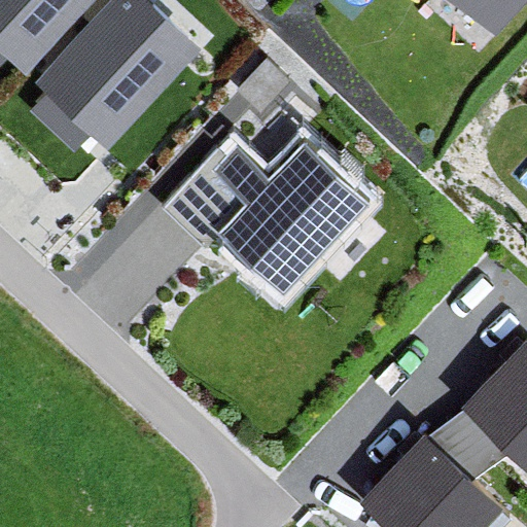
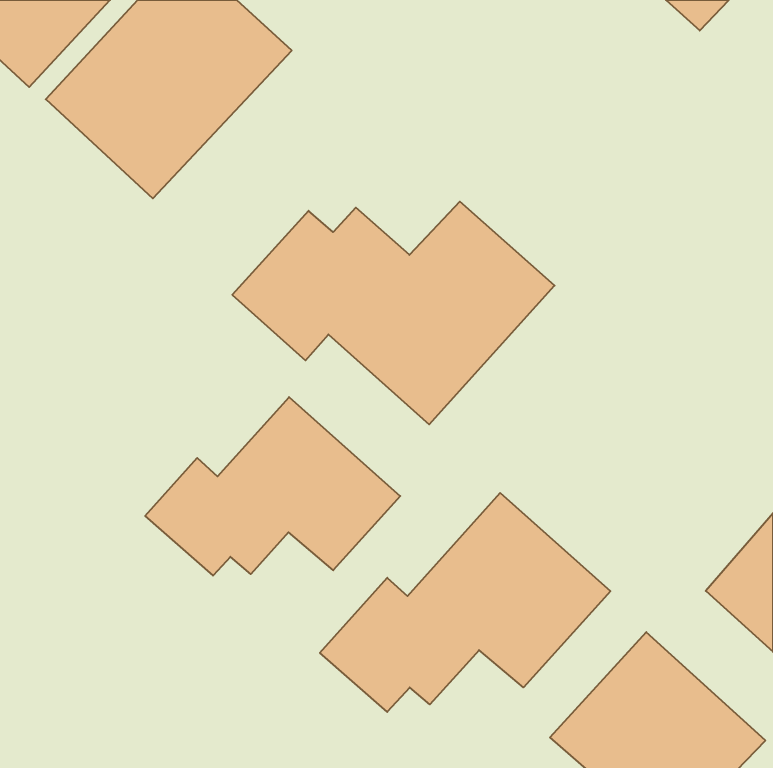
building: none -> [145,397,400,576]
building: none -> [320,493,610,712]

